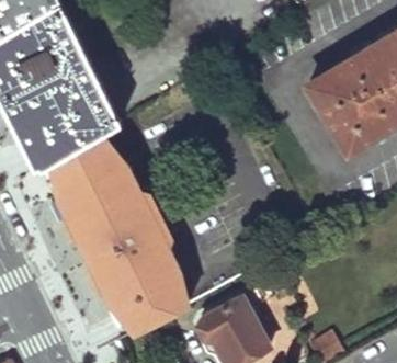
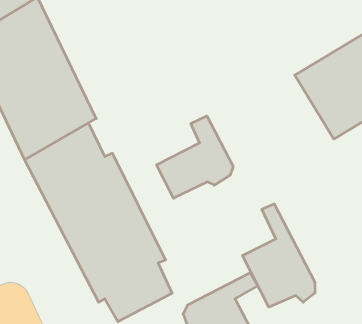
building: none -> [157,116,233,198]
building: none -> [243,204,315,307]

